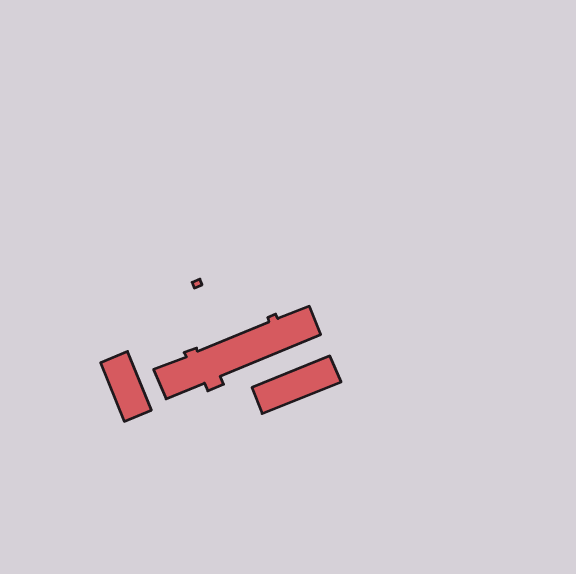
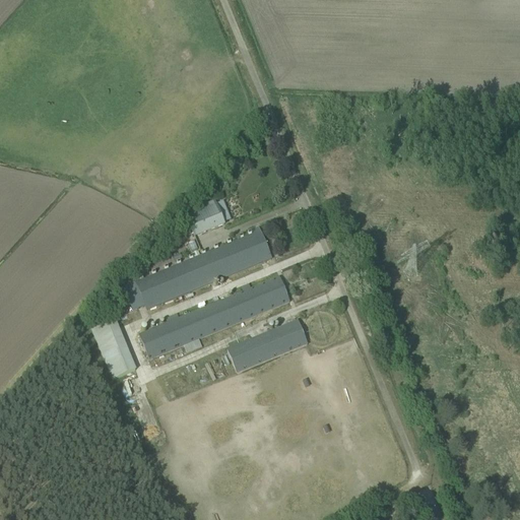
building: none -> [186,199,225,235]
building: none -> [126,230,272,310]

